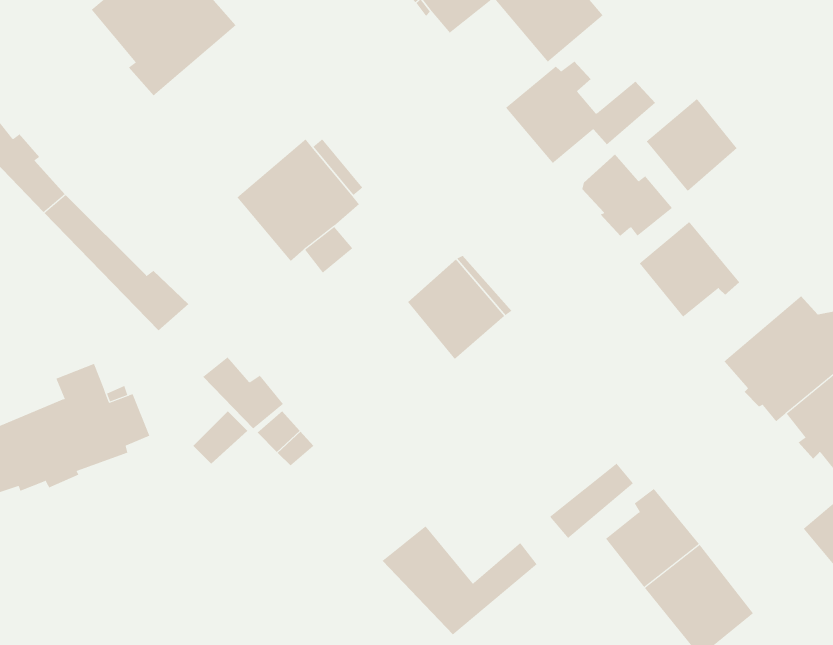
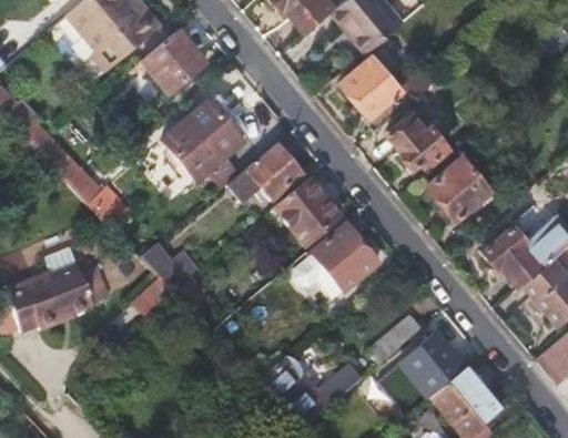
building: none -> [139,30,207,96]
building: [646,98,737,192] -> none
building: none -> [227,146,303,202]
building: none -> [288,224,378,299]

